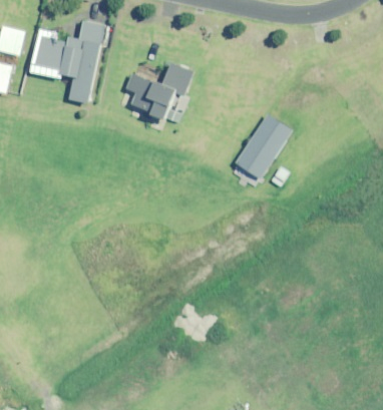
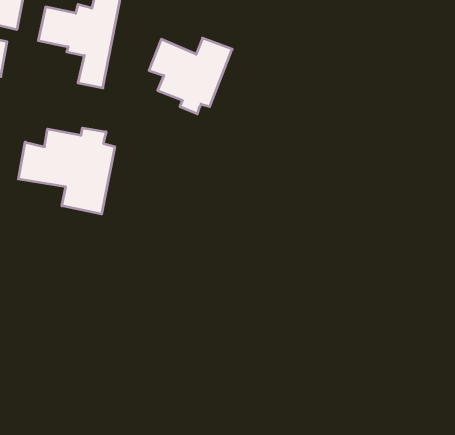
building: [237,118,289,179] -> none
building: none -> [18,128,115,214]

